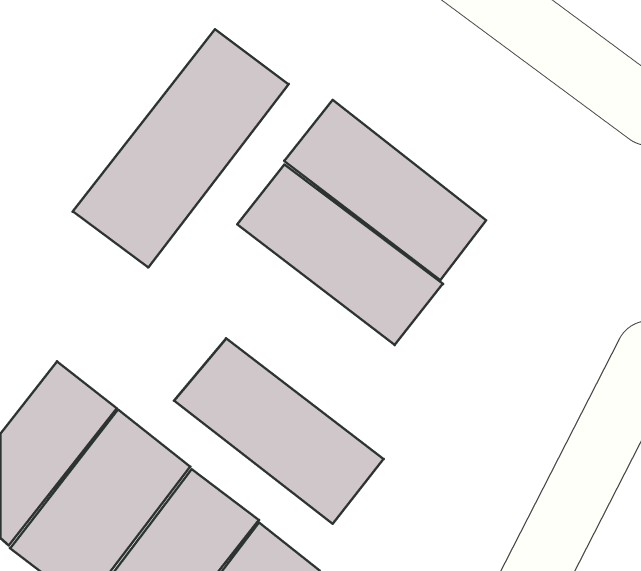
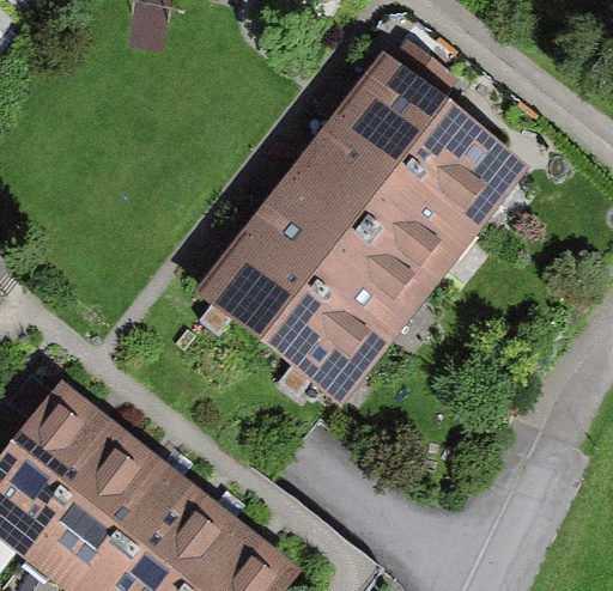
building: none -> [317,45,515,240]
building: [73,29,289,267] -> none
building: [174,338,384,524] -> [180,251,377,426]

